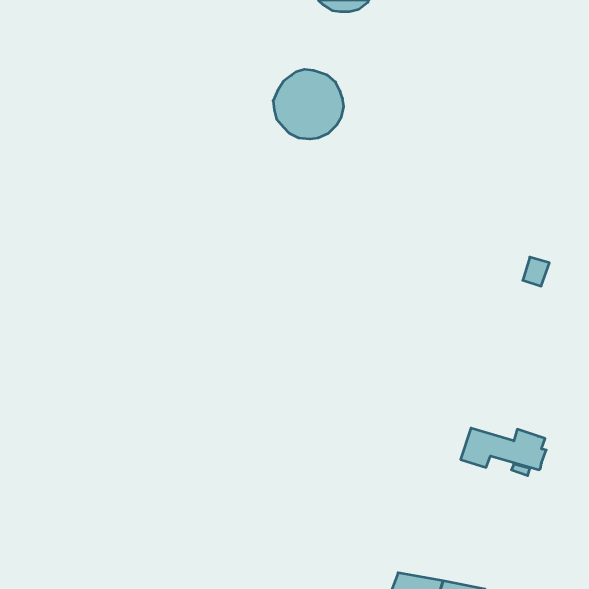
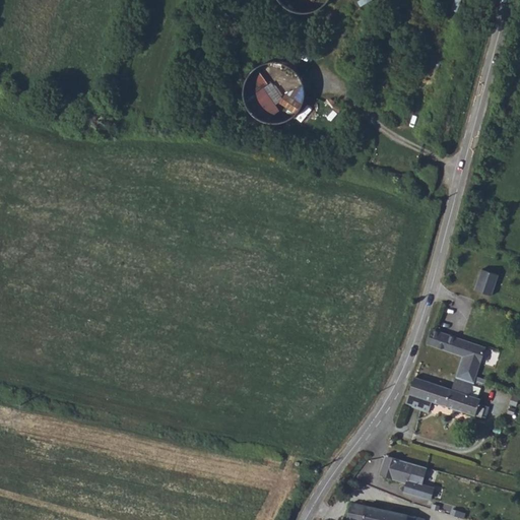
building: [523,257,549,286] -> [476,270,500,296]
building: none -> [429,329,486,385]
building: none -> [382,455,428,494]

